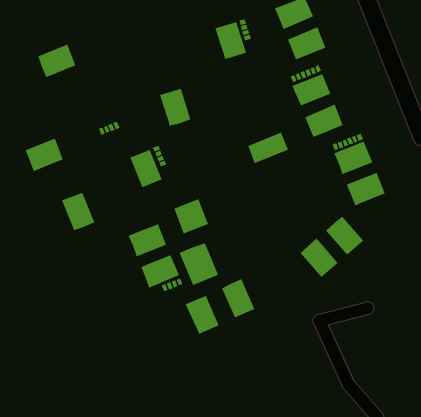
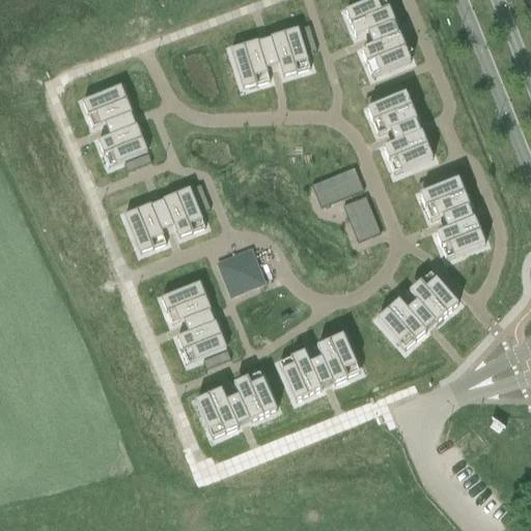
building: [37,44,76,78] -> [83,84,132,127]
building: [159,88,191,126] -> [230,39,271,87]
building: [25,138,64,172] -> [99,123,147,166]
building: none -> [343,195,381,241]
building: [61,192,95,231] -> [124,203,167,252]
building: [179,242,219,286] -> none
building: none -> [317,334,360,384]
building: none -> [196,388,239,438]

